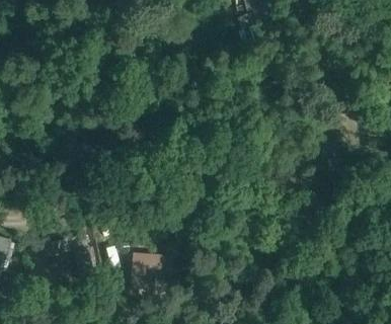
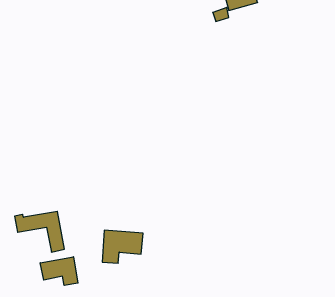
building: none -> [40,257,78,285]

